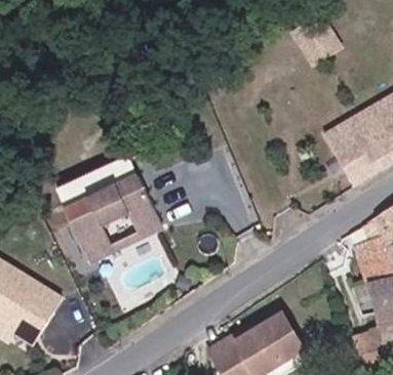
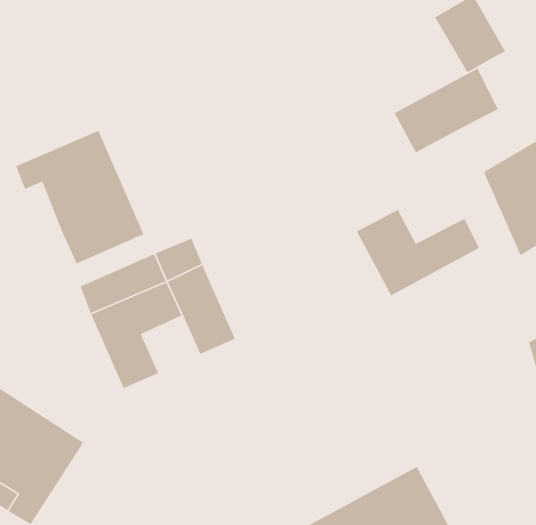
building: none -> [394,68,499,153]
building: none -> [15,130,144,264]
building: none -> [356,209,480,297]

